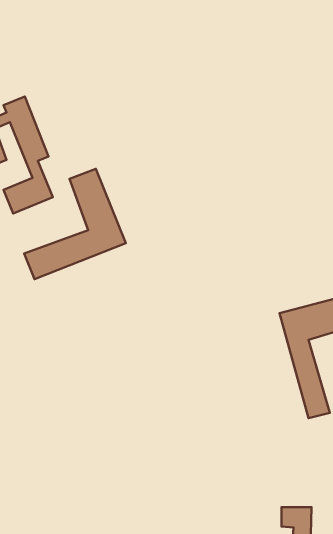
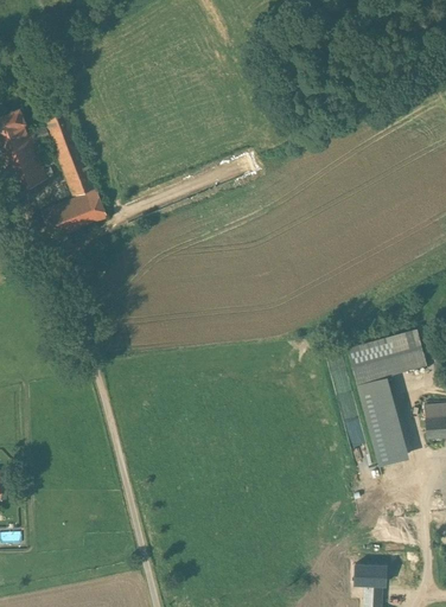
building: [24,169,126,279] -> none

